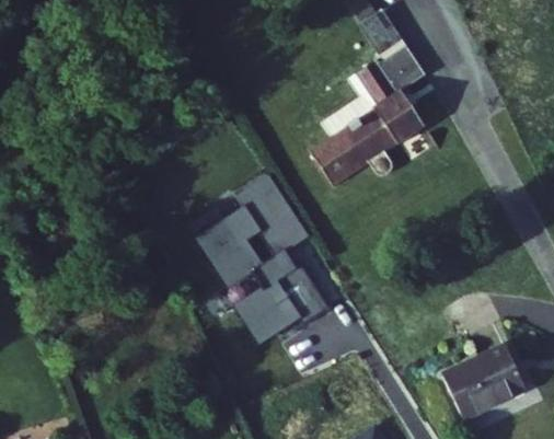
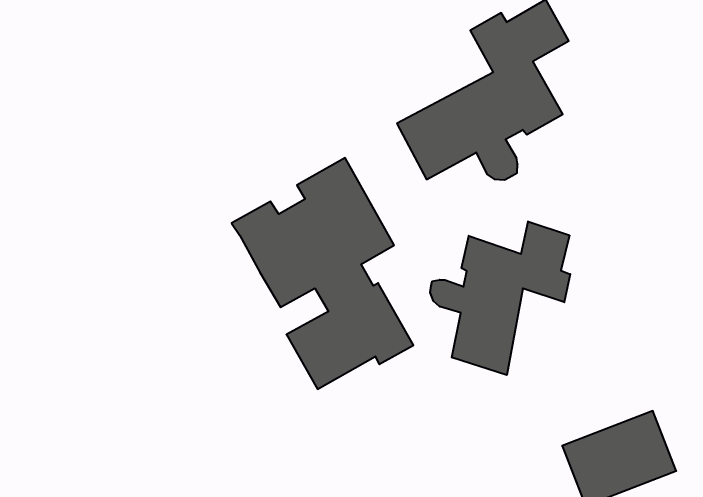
building: none -> [430,221,570,375]

